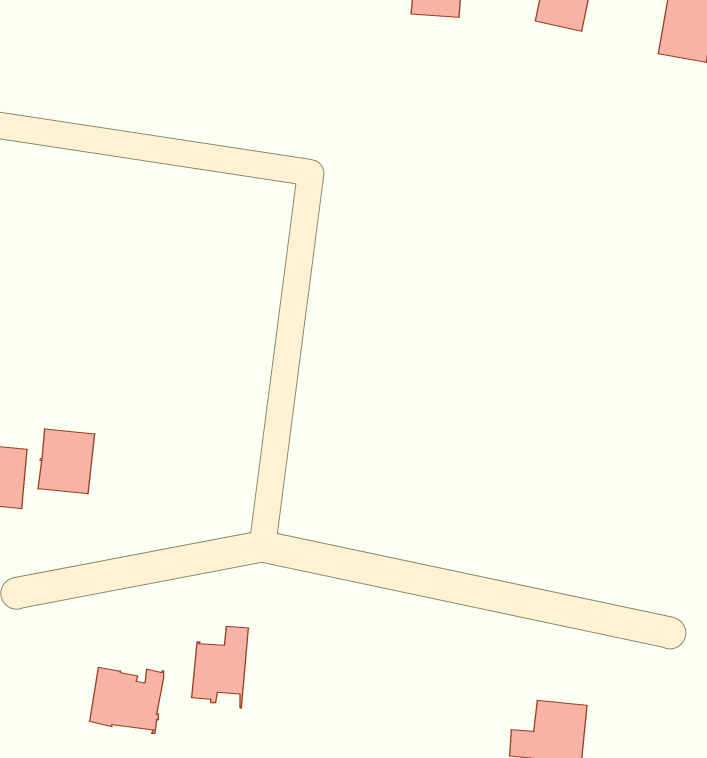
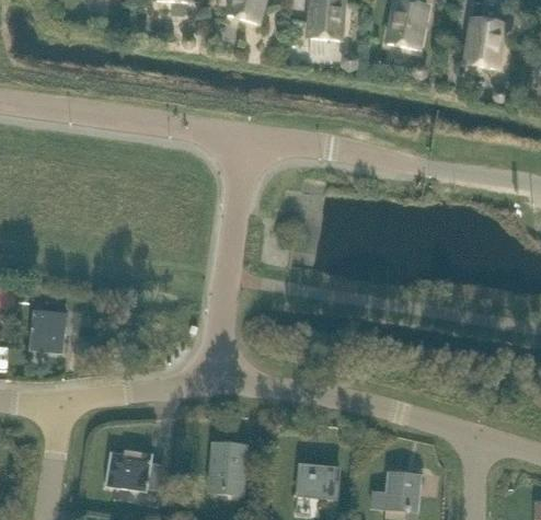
building: [38,429,95,494] -> none
building: [191,626,249,708] -> [209,443,245,495]
building: none -> [297,462,338,496]

